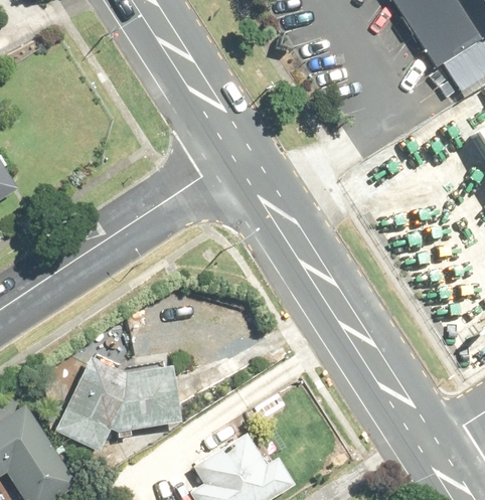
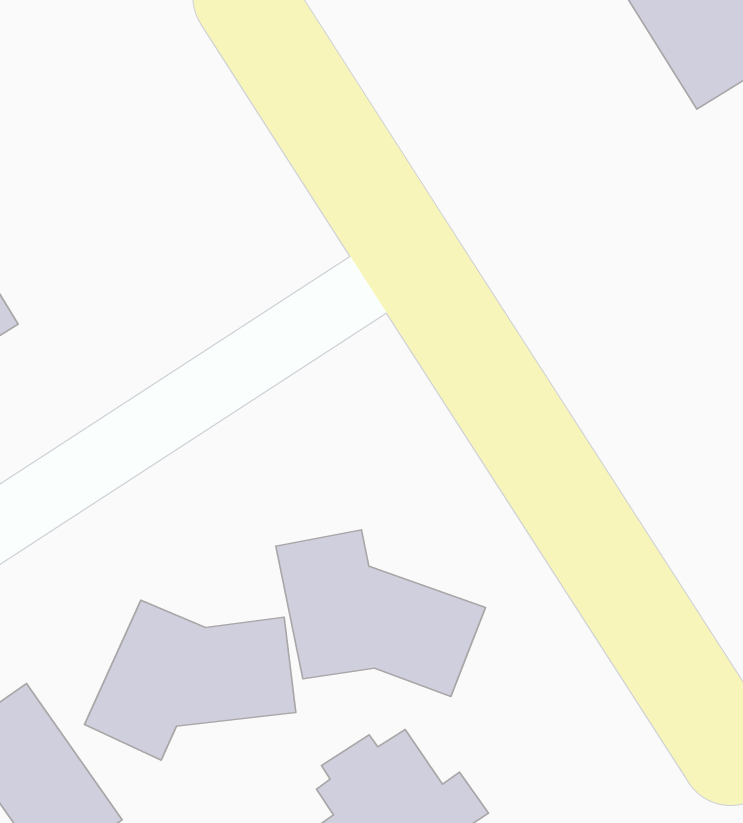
building: none -> [276,530,486,696]

